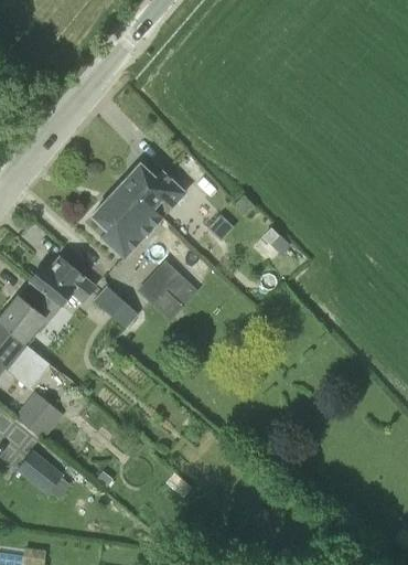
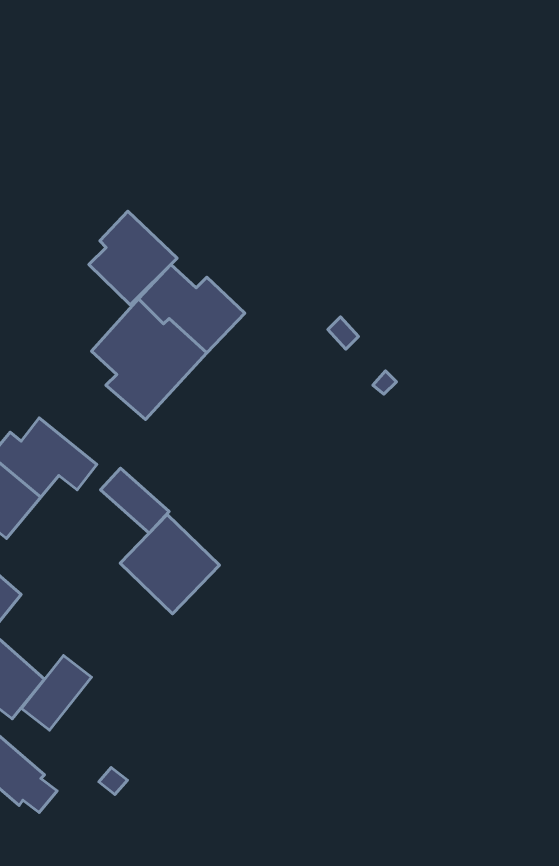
building: none -> [89,211,177,305]
building: [138,260,198,321] -> [120,515,219,614]
building: none -> [21,655,92,730]

